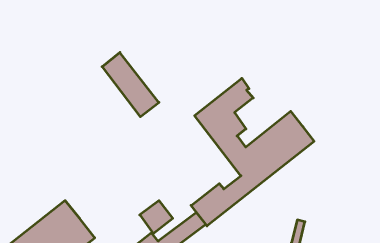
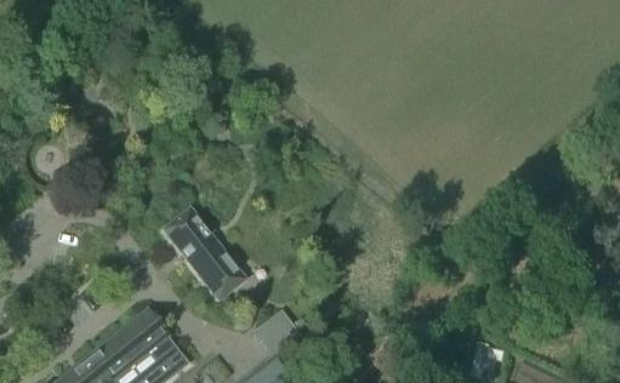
building: [102,52,159,117] -> [163,207,244,299]
building: [191,78,314,226] -> none

